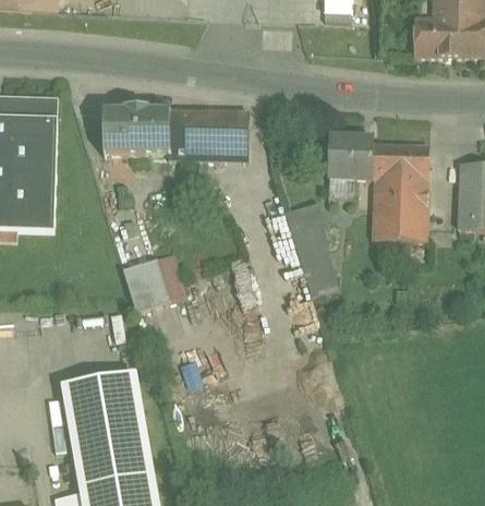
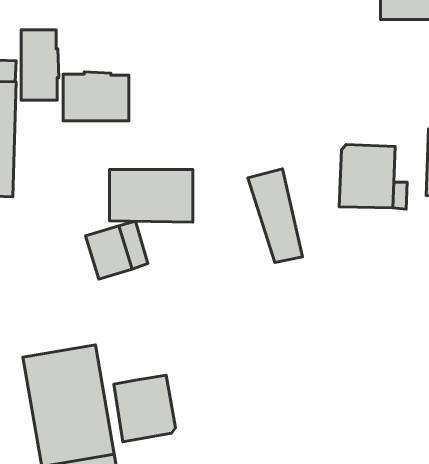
building: none -> [21,30,59,100]
building: [167,110,248,161] -> [109,170,193,222]
building: [327,134,428,180] -> none
building: none -> [114,375,175,442]

